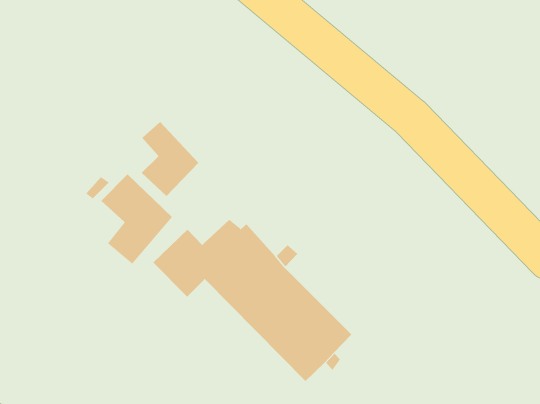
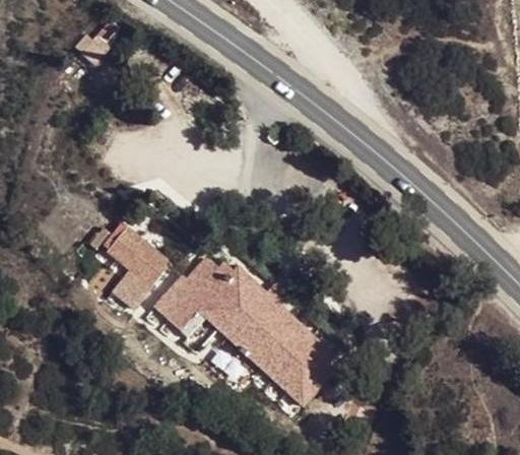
building: [141,121,199,197] -> none

